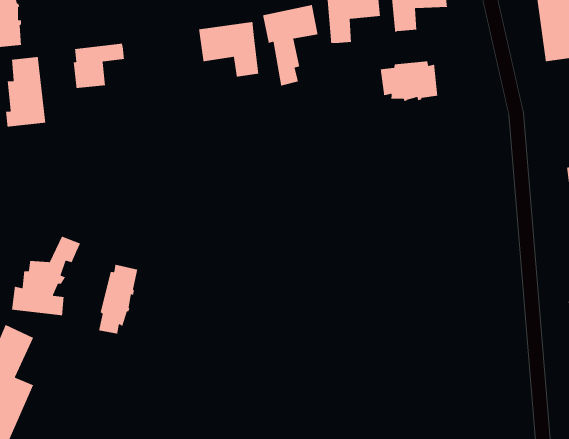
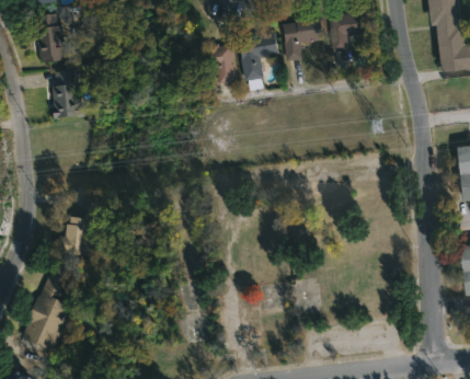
building: [73,43,125,89] -> none
building: [380,61,438,102] -> none
building: [98,264,138,334] -> none

